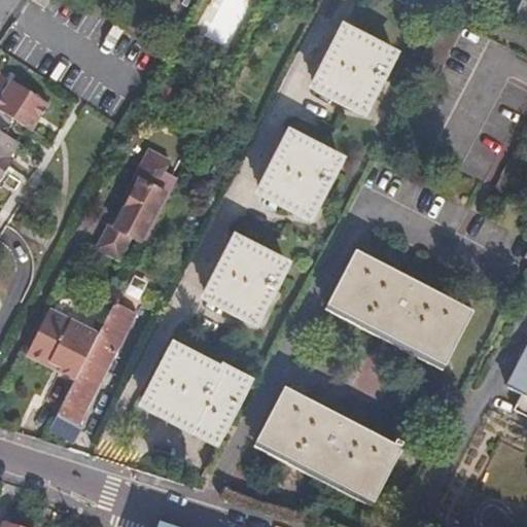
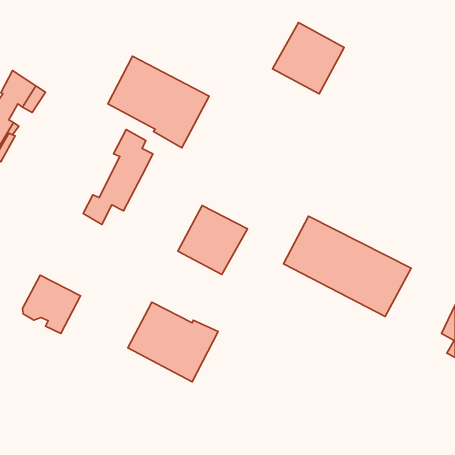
building: none -> [108,56,209,148]
building: [259,132,340,212] -> none
building: [55,285,141,426] -> none
building: [254,385,400,500] -> none

